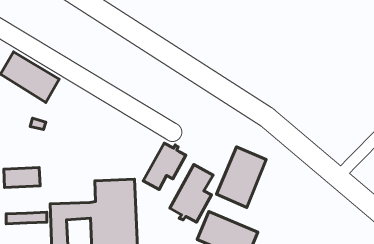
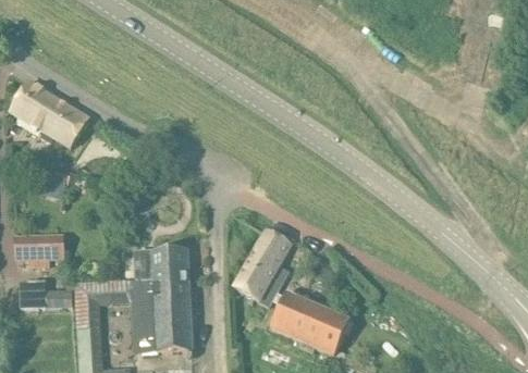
building: [143,143,186,189] -> none
building: [216,147,266,208] -> none

